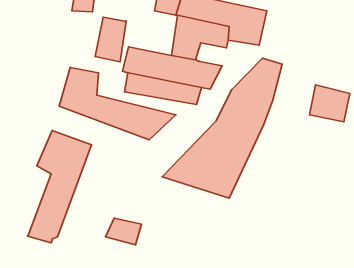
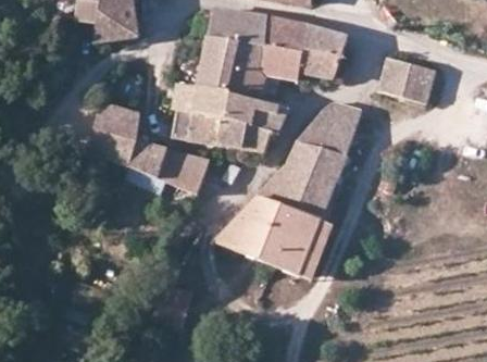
building: [95,17,126,62] -> [193,35,233,91]
building: [309,85,350,122] -> [380,52,432,99]
building: [27,130,91,243] -> none

